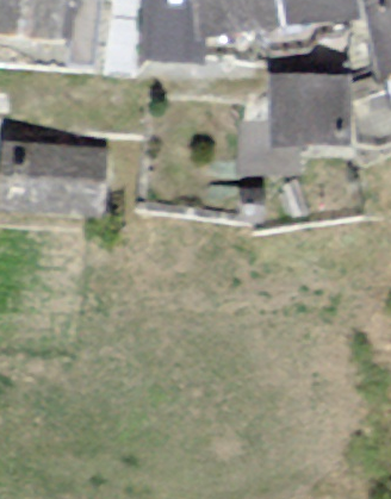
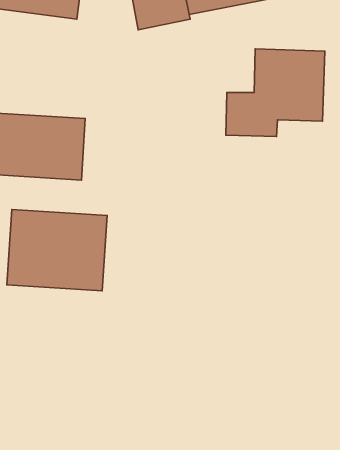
building: none -> [7,209,107,291]

